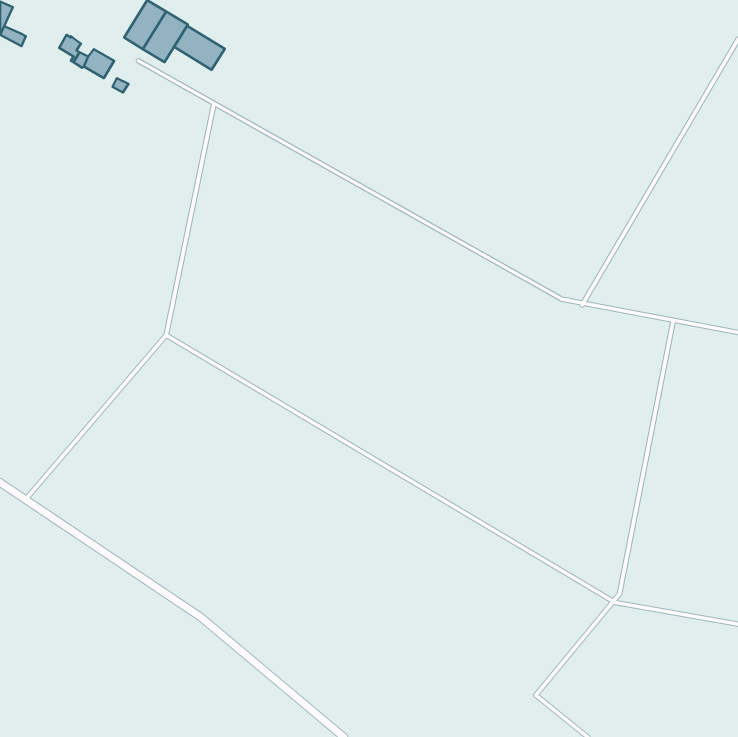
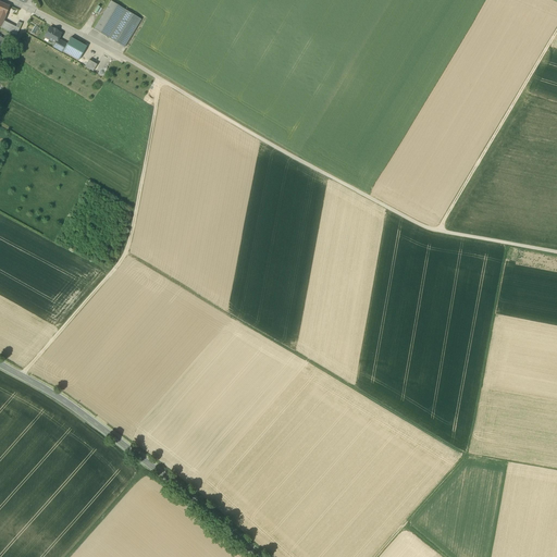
building: [174,26,225,70] -> none

